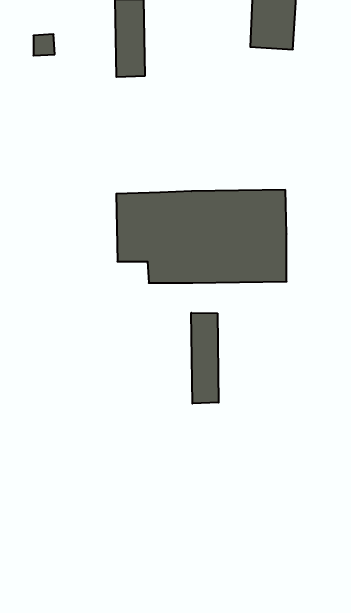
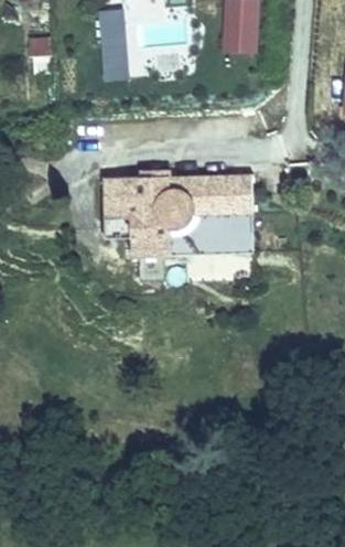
building: [191,313,219,404] -> none

